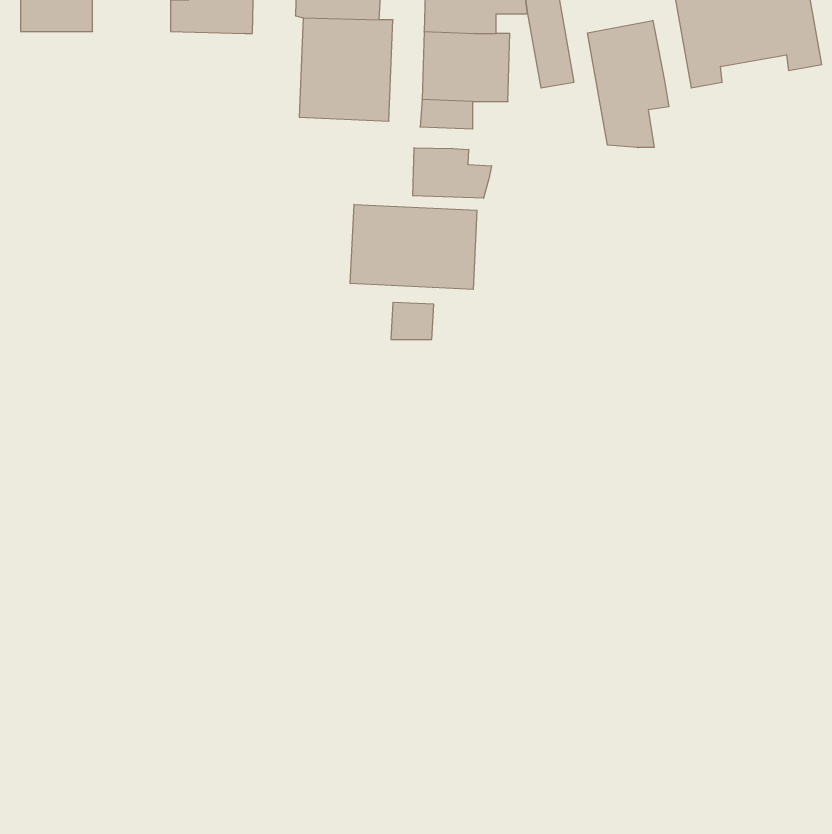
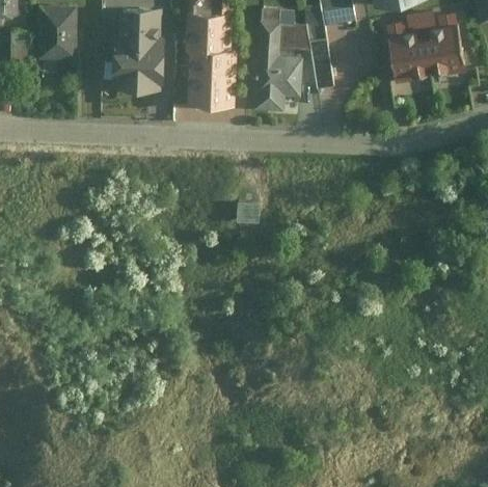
building: [588,20,669,148] -> none
building: none -> [119,57,160,87]
building: [413,148,491,198] -> none
building: [350,204,477,289] -> none

